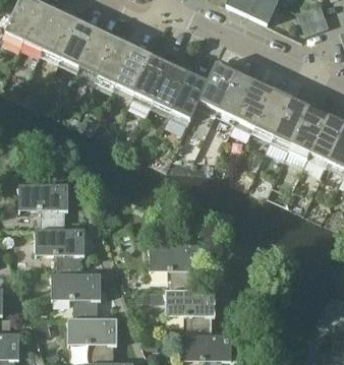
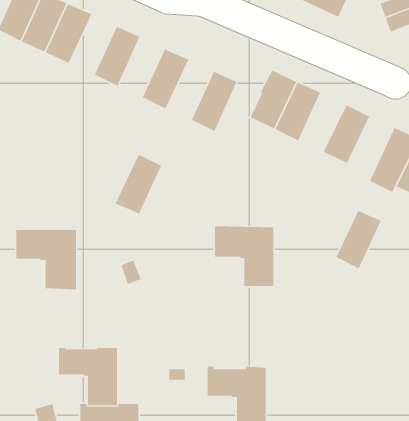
building: [60,20,97,67] -> none
building: [98,38,133,84] -> none
building: [134,55,171,102] -> [114,153,162,215]
building: [172,72,208,120] -> none
building: [236,80,273,126] -> none
building: [274,99,309,144] -> [335,210,382,269]
building: [36,230,81,277] -> none
building: [150,245,195,292] -> [214,226,274,287]

